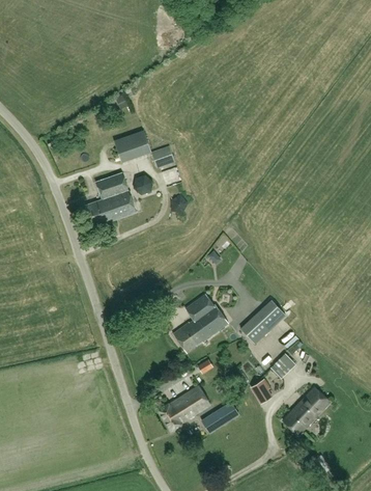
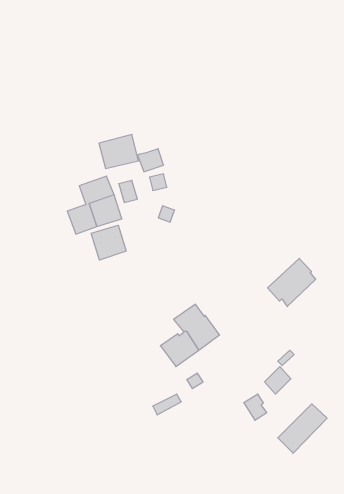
building: none -> [91,225,126,260]
building: [240,300,286,346] -> [268,258,316,307]
building: [158,384,210,430] -> none
building: [207,402,238,429] -> none

